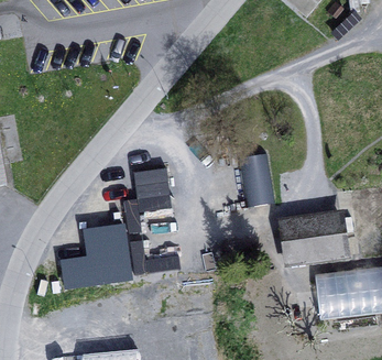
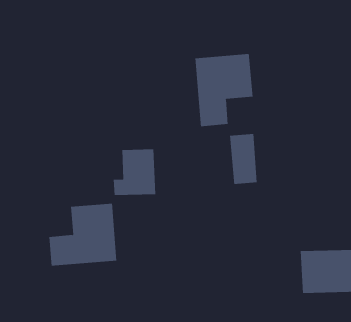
building: none -> [195,53,253,127]
building: [281,214,343,261] -> none

